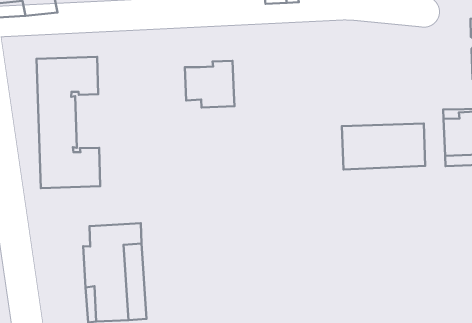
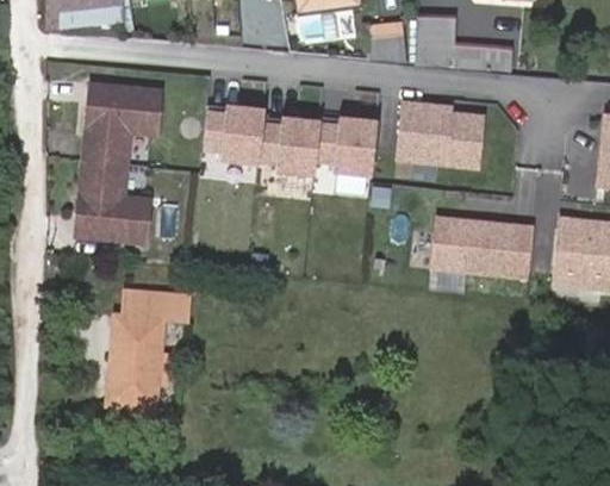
building: none -> [396,100,481,164]
building: none -> [315,118,375,173]
building: none -> [201,106,262,162]

